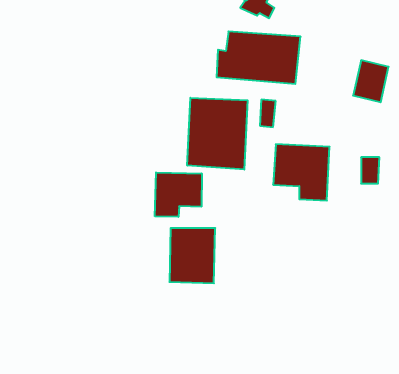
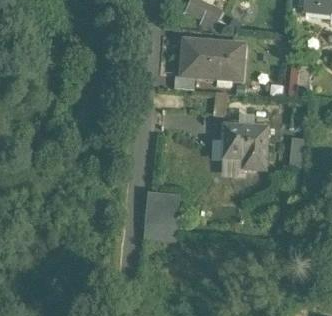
building: [187,98,248,170] -> none
building: [155,172,202,217] -> none

